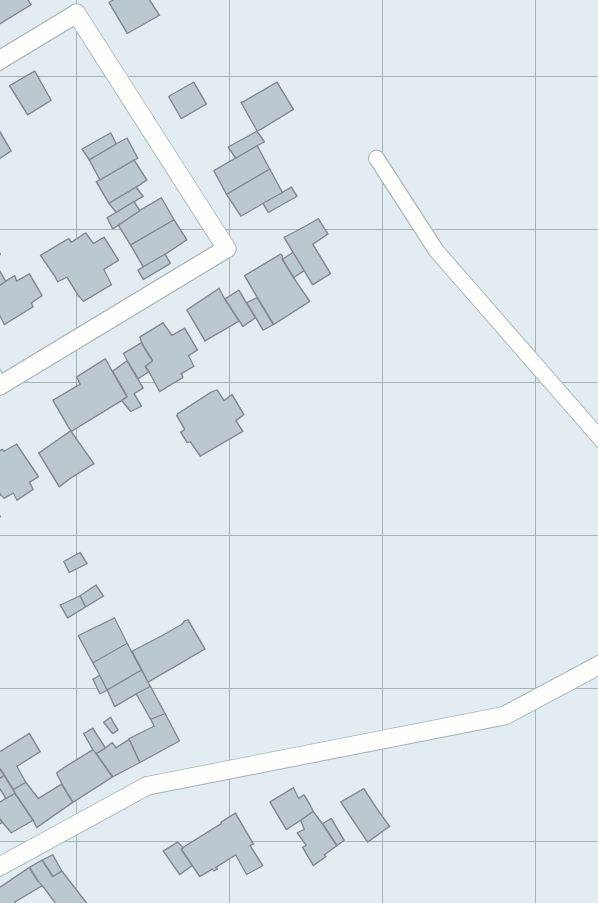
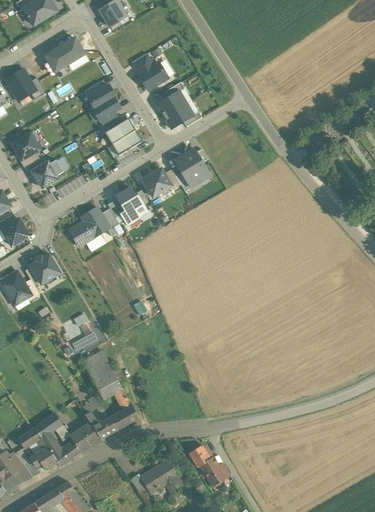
building: none -> [58,38,84,64]
building: [241,82,293,131] -> [138,63,167,90]
building: [284,219,330,285] -> none
building: [41,233,118,301] -> none
building: [177,390,244,456] -> none
building: [39,431,94,487] -> none
building: [132,620,205,682] -> none
building: [341,789,390,842] -> none

